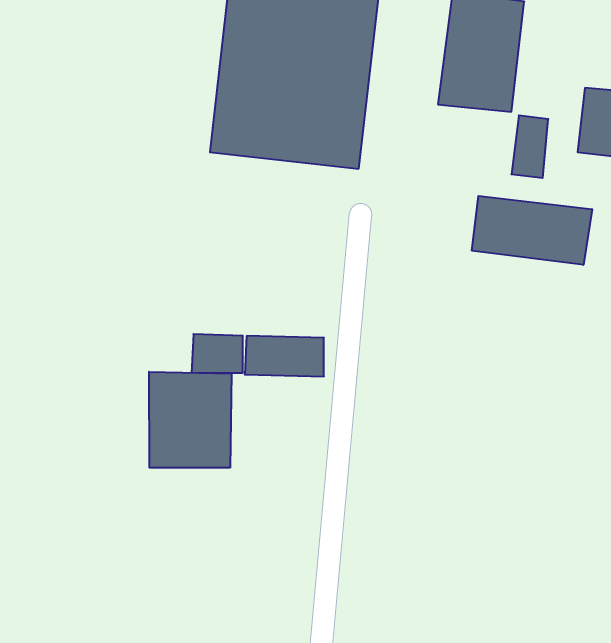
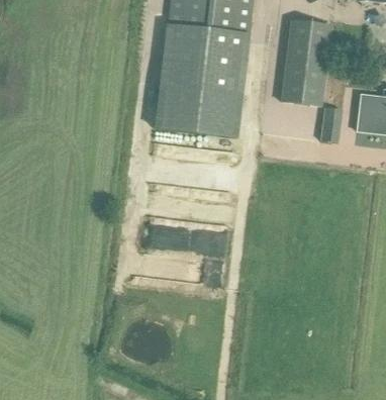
building: [472,196,592,265] -> none
building: [149,372,231,468] -> none

